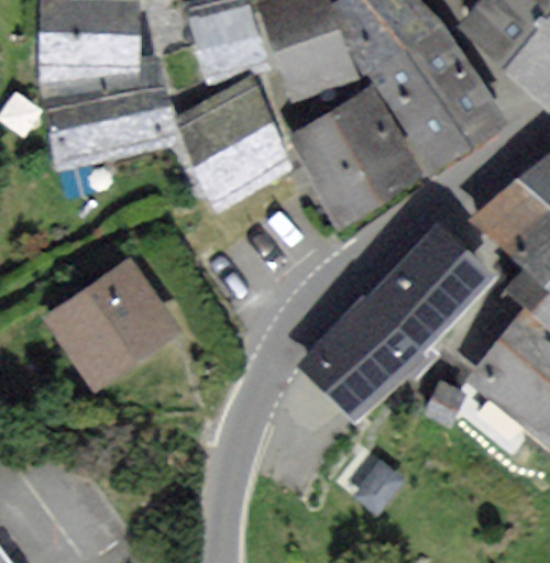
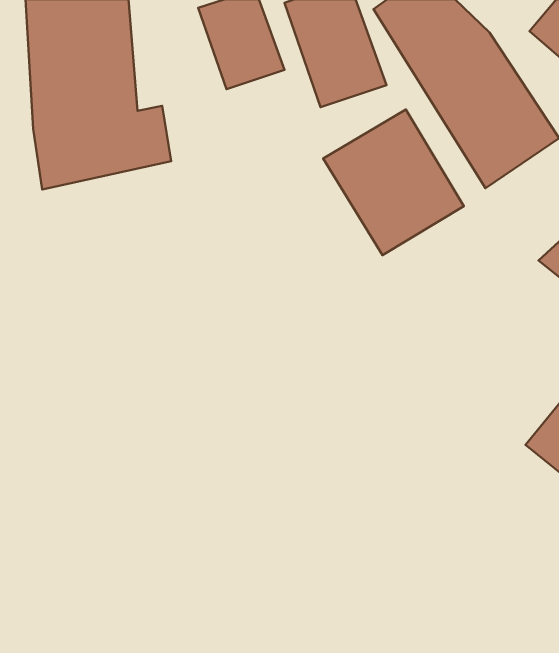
building: [179,88,292,202] -> none
building: [309,228,485,408] -> none
building: [54,266,172,378] -> none

